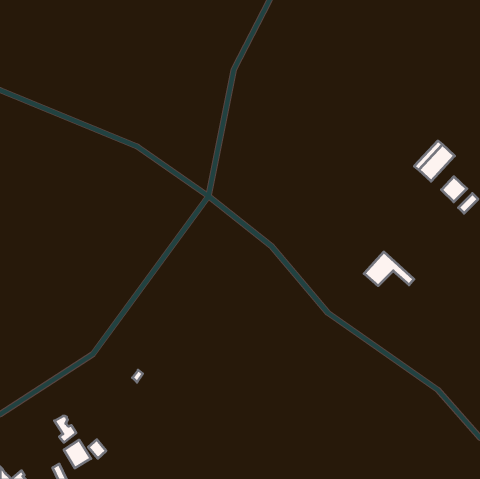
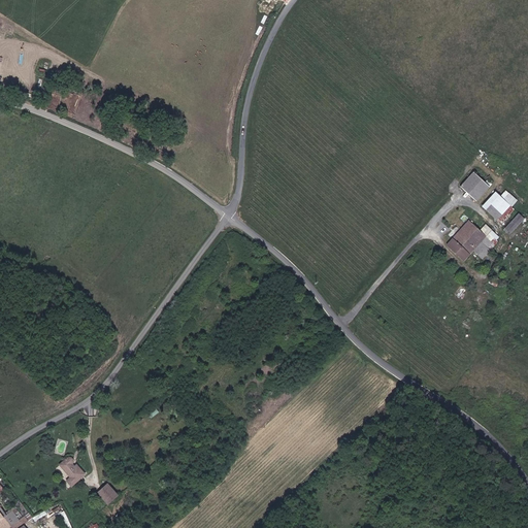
building: [364,252,414,286] -> [447,223,501,260]
building: [64,440,91,468] -> none

